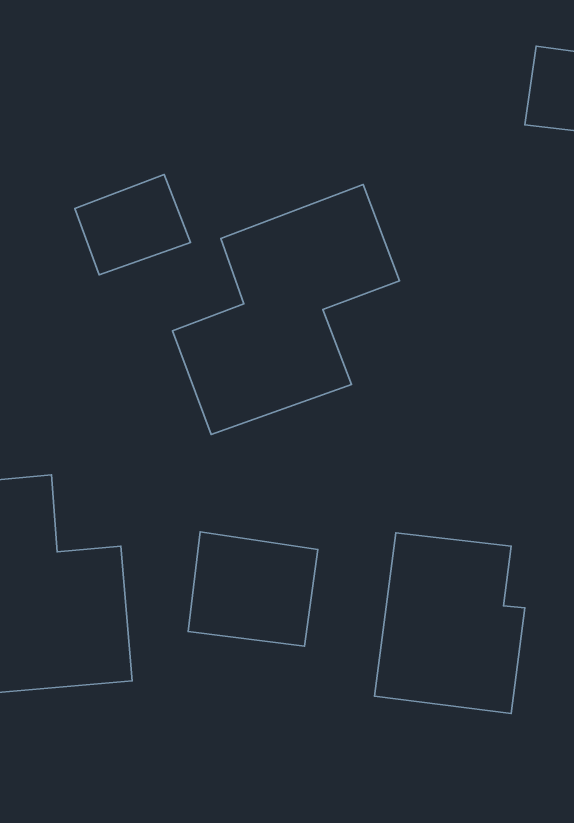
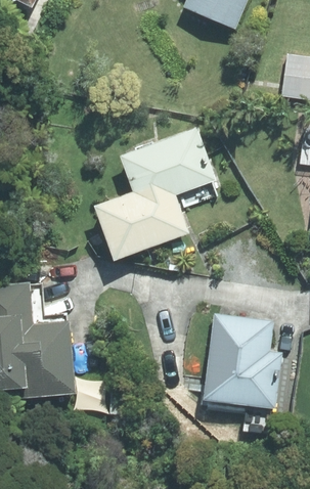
building: [75,175,191,275] -> none
building: [188,532,318,646] -> none

